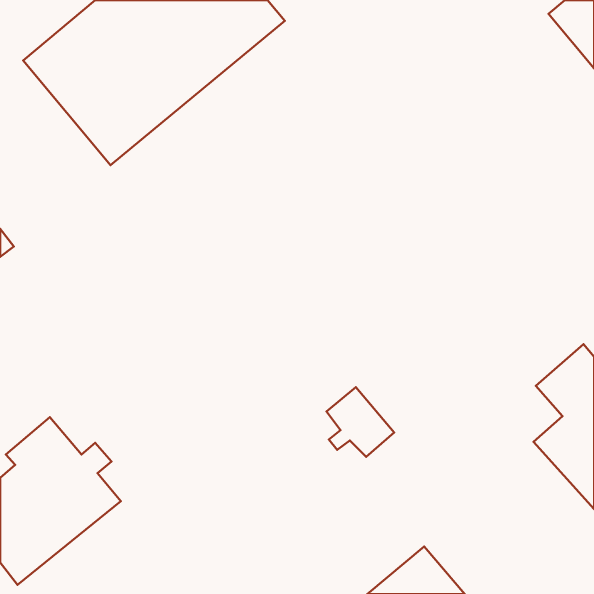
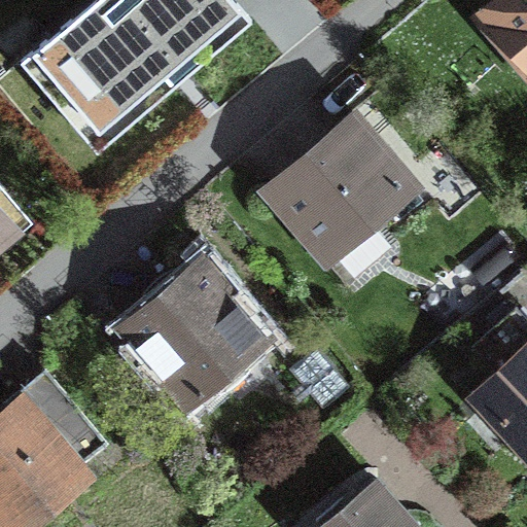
building: none -> [279,125,401,270]
building: none -> [124,257,266,392]

